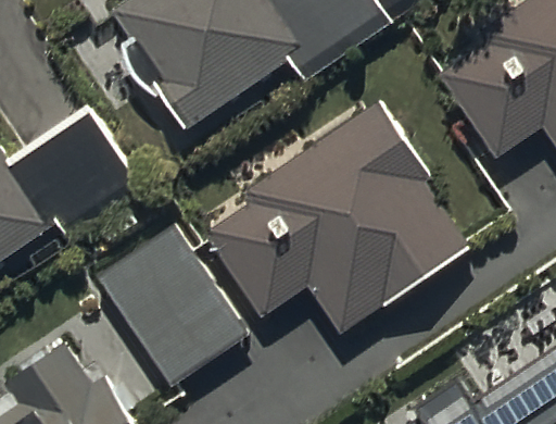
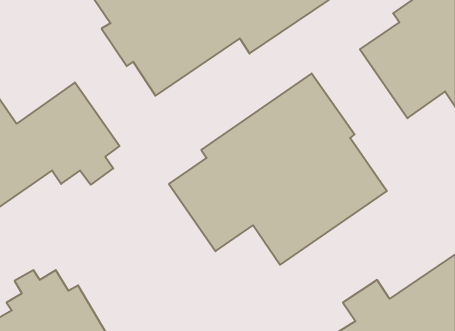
building: [97,224,250,388] -> none

